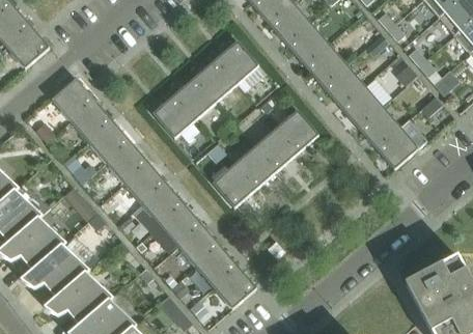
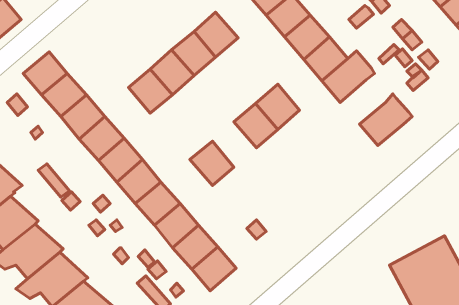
building: [357,105,400,147] -> none
building: [233,145,276,189] -> none

